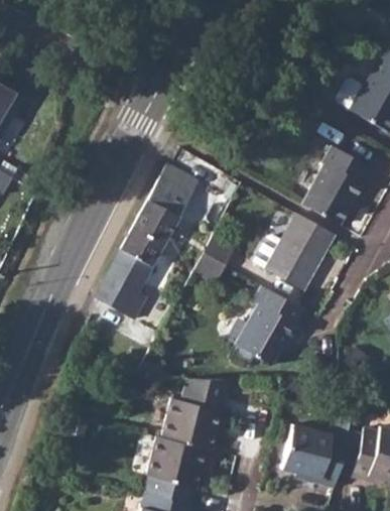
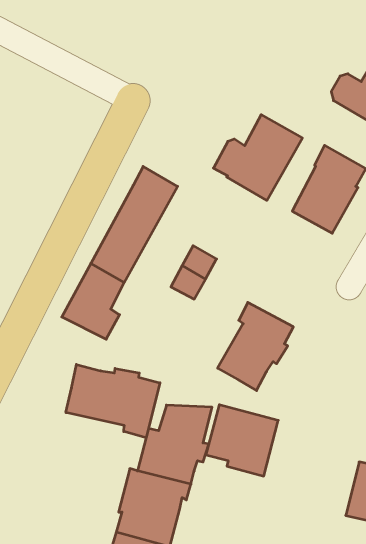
building: [253,211,334,288] -> [213,115,302,200]
building: none -> [66,364,160,438]
building: [280,424,346,489] -> [206,405,278,476]

